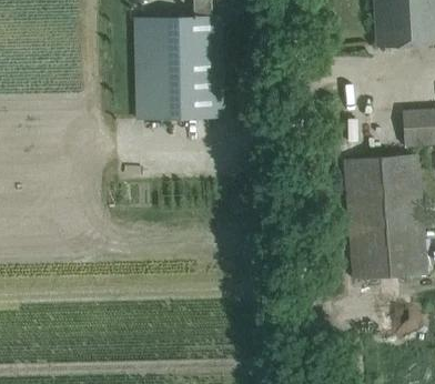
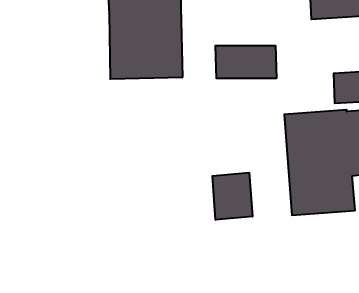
building: none -> [215,46,276,78]
building: none -> [212,173,252,220]

